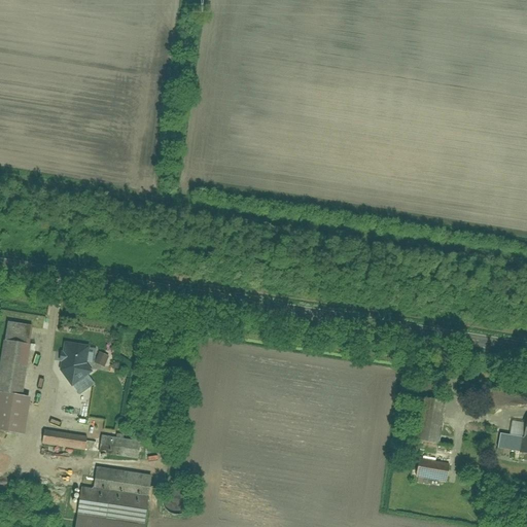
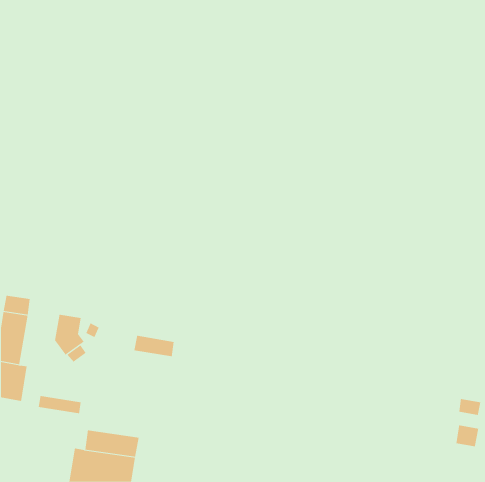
building: [408,395,445,444] -> none
building: [98,433,142,457] -> [134,335,174,357]
building: [415,458,449,482] -> none
building: none -> [456,424,479,447]

